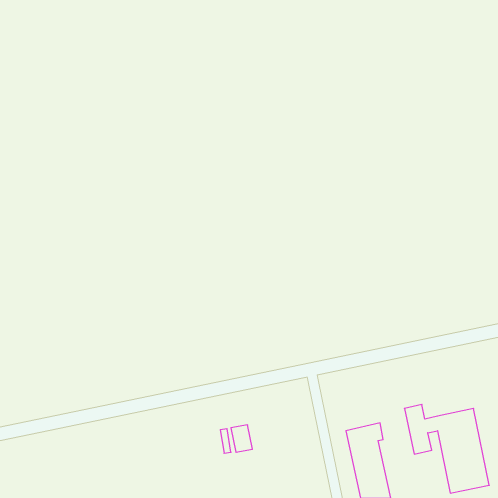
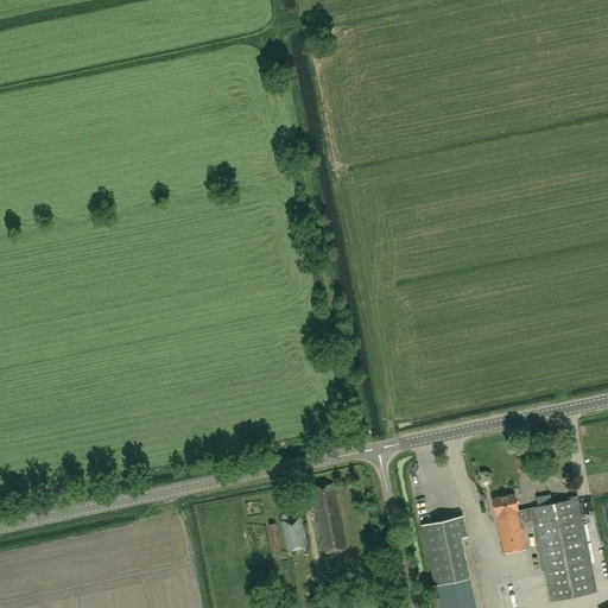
building: none -> [312,483,346,552]

